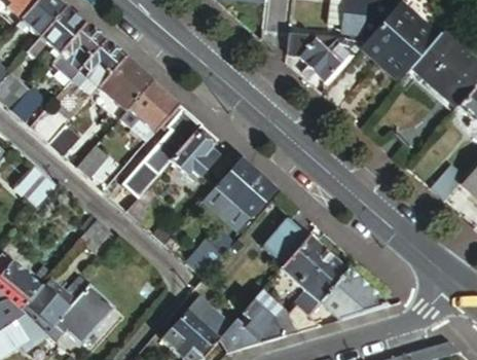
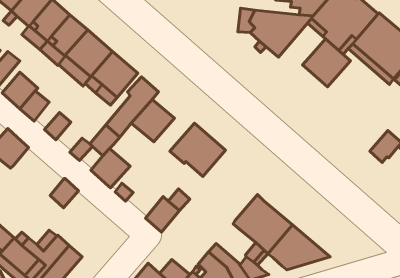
building: none -> [303,39,350,87]
building: [198,188,248,232] -> none
building: [262,218,307,264] -> none

